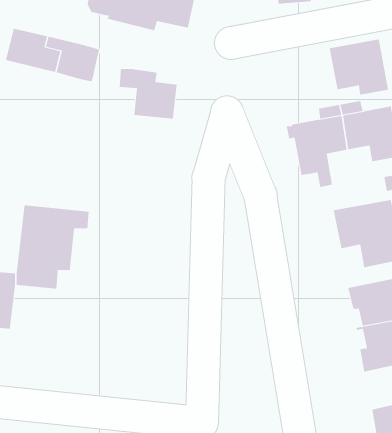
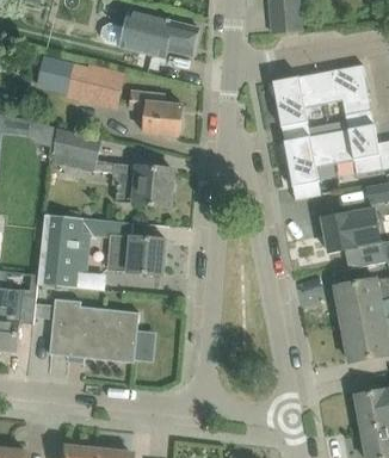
building: none -> [268,73,325,126]
building: none -> [53,128,172,206]
building: none -> [109,235,166,274]
building: none -> [49,298,138,363]

